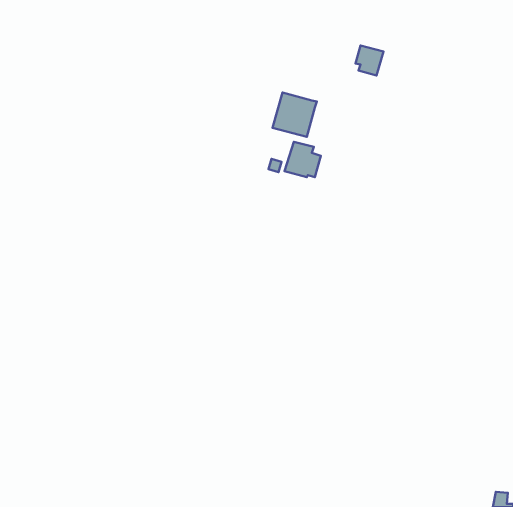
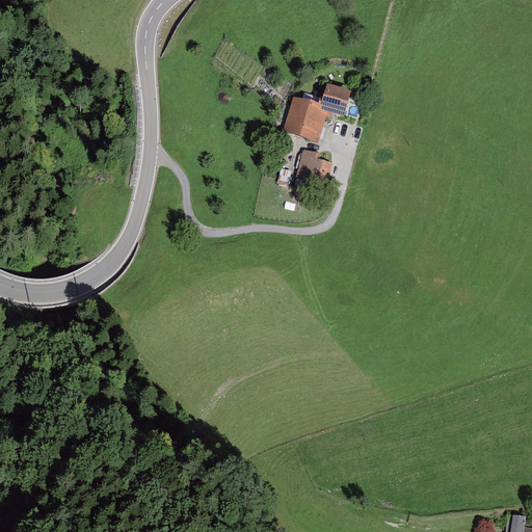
building: [355,45,384,76] -> [322,85,351,116]

